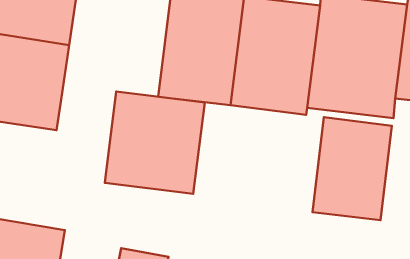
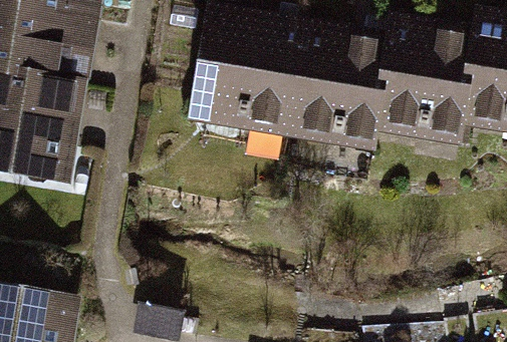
building: [105,91,205,194] -> none
building: [312,117,392,220] -> none

